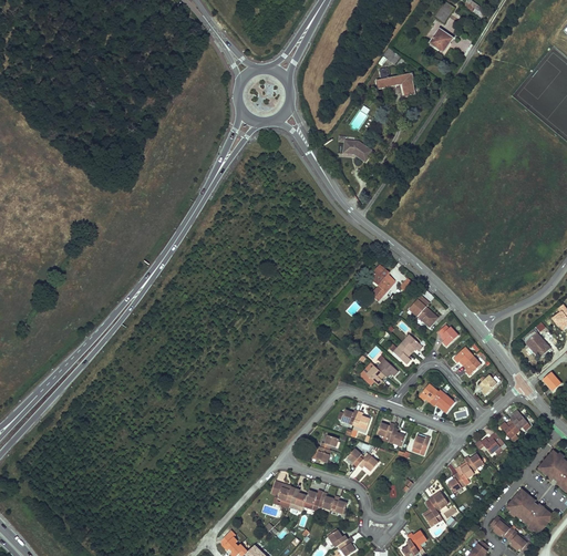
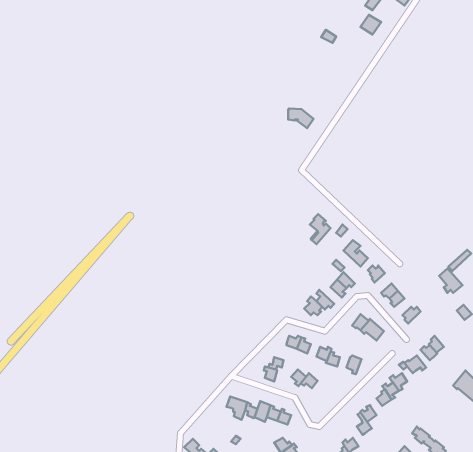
building: [375,68,415,96] -> none
building: [506,488,553,533] -> none

